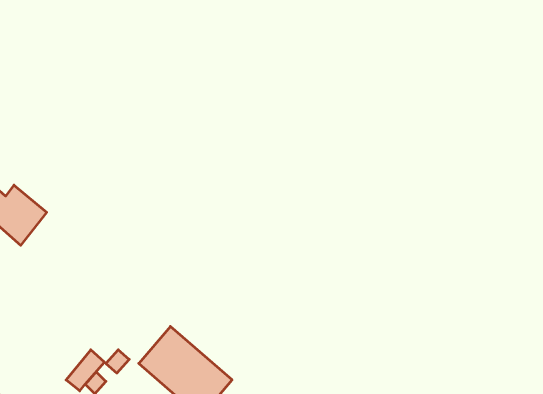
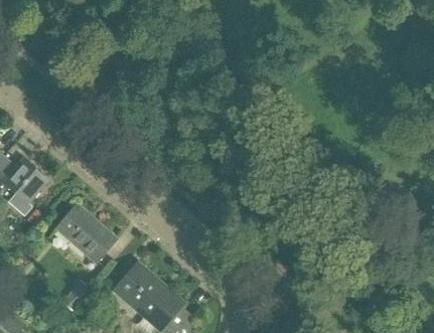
building: none -> [56,205,117,264]

